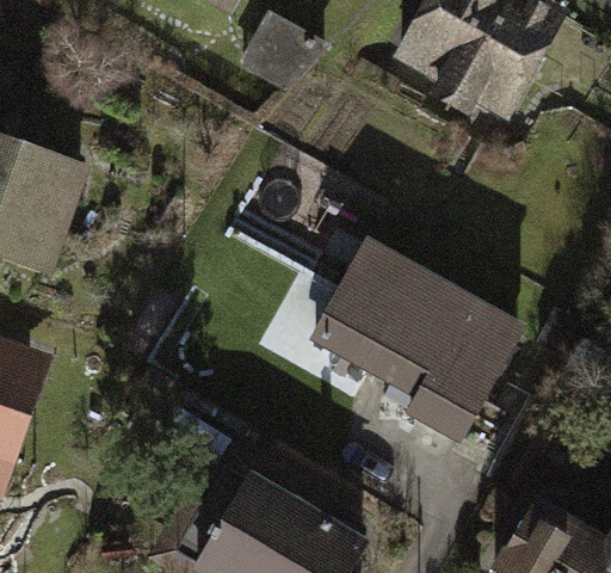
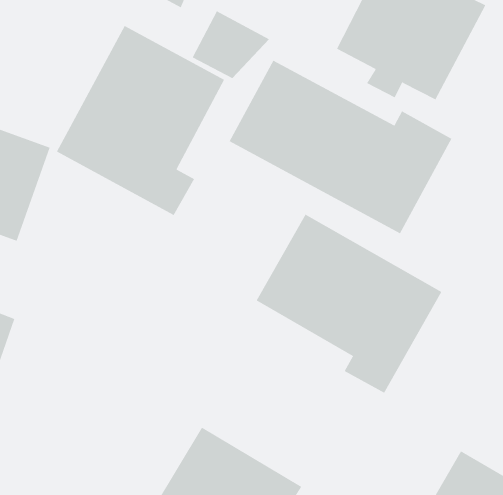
building: none -> [56,25,225,216]
building: none -> [229,60,452,234]

